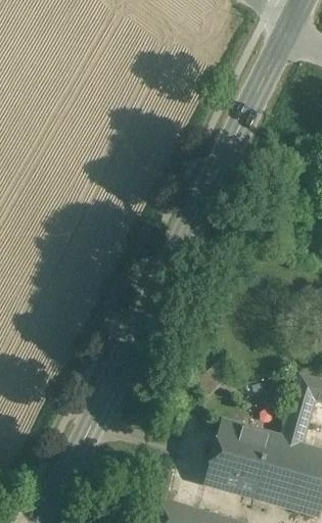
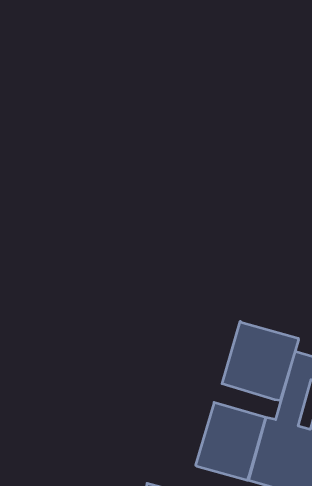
building: none -> [222,321,298,401]

